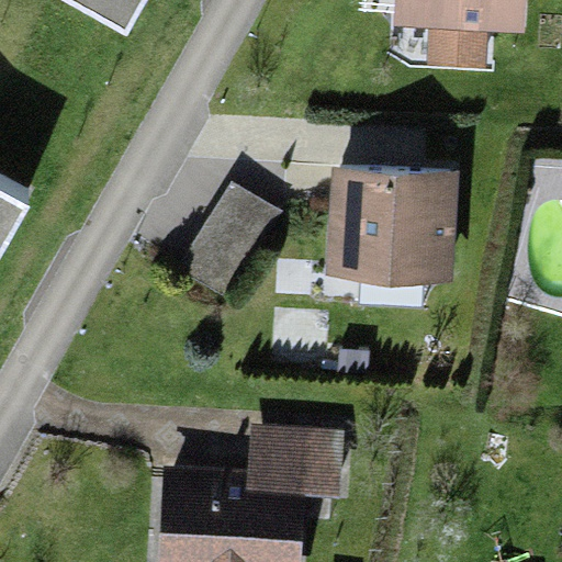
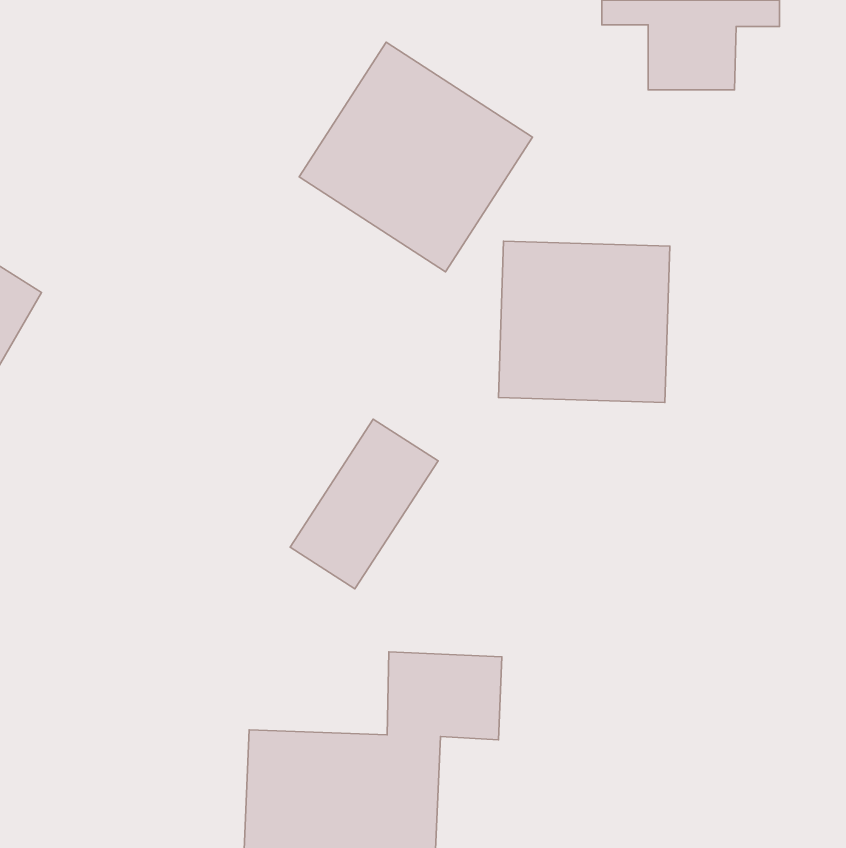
building: none -> [299,42,532,272]
building: [178,187,276,299] -> [290,419,438,589]

